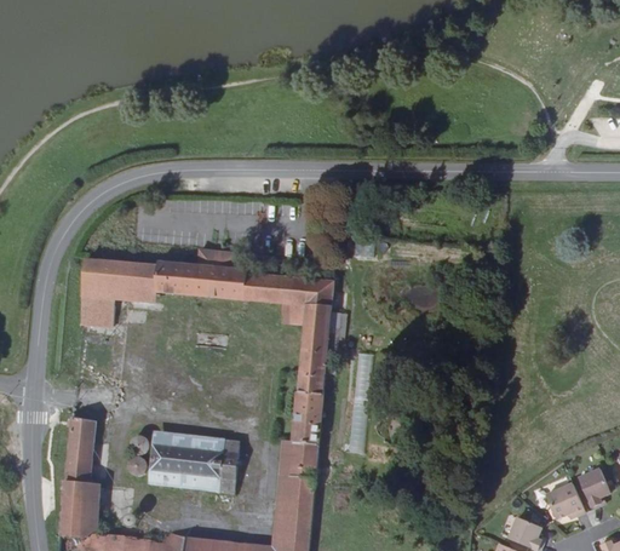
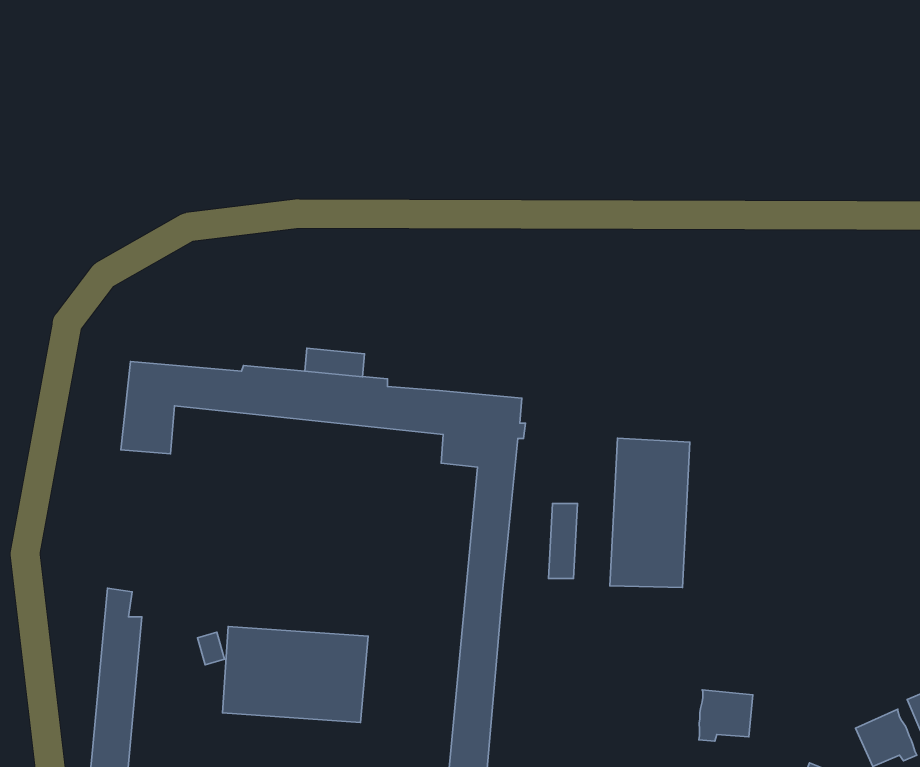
building: none -> [610,438,690,588]
building: none -> [699,690,753,741]

